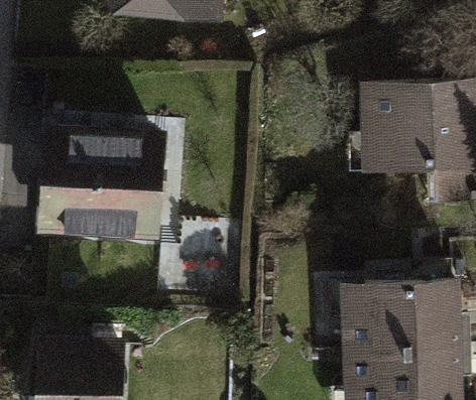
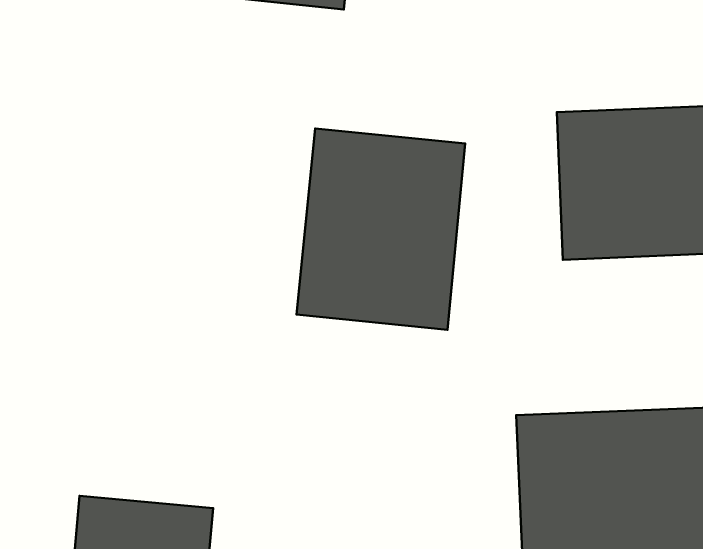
building: none -> [296,128,465,330]
building: [38,134,164,246] -> none

